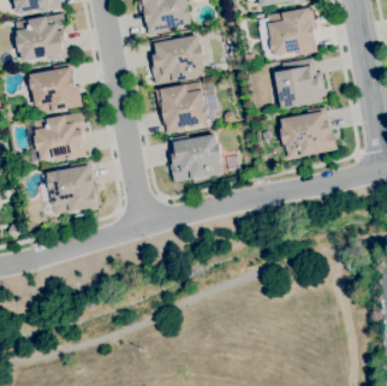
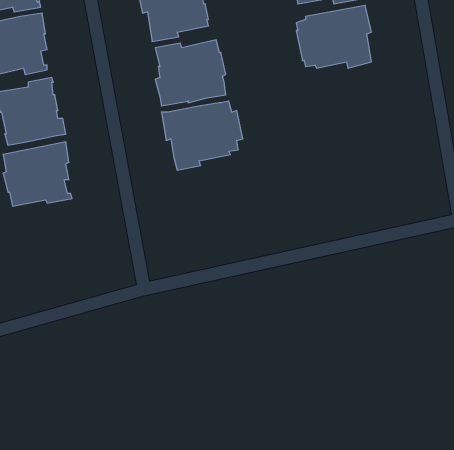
building: [274,58,326,108] -> none
building: [280,107,335,159] -> none
building: [169,133,222,183] -> none
building: [47,161,97,214] -> none

